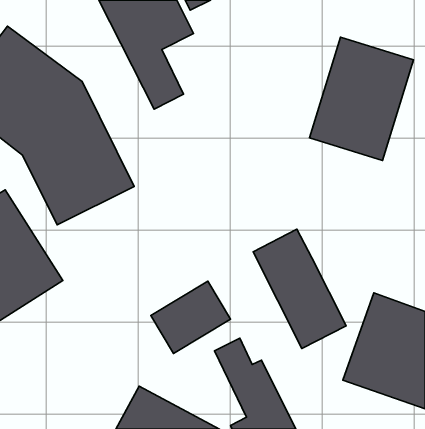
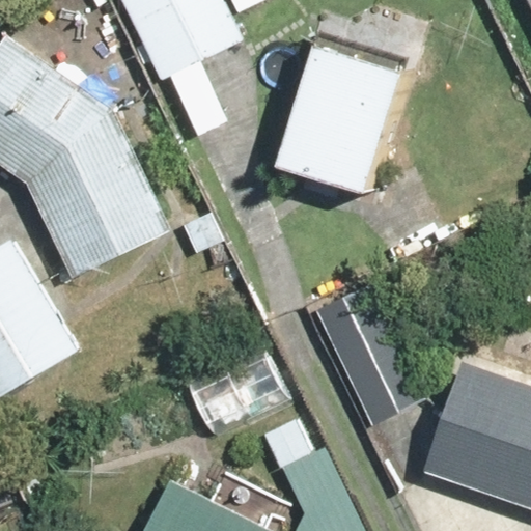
building: [310,37,414,160] -> [276,43,404,195]

